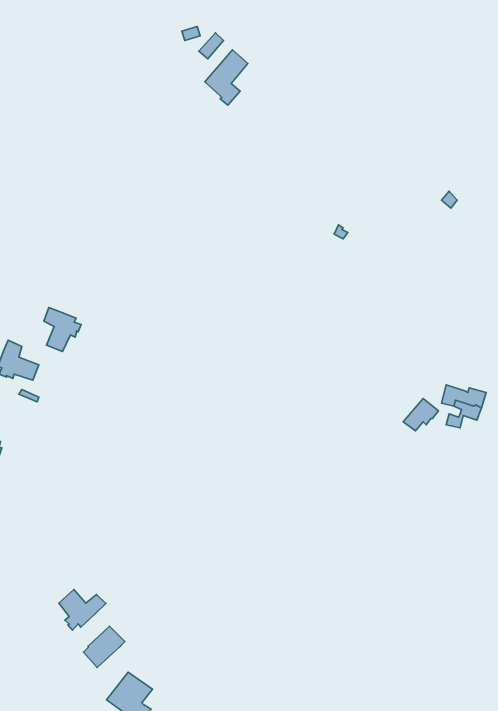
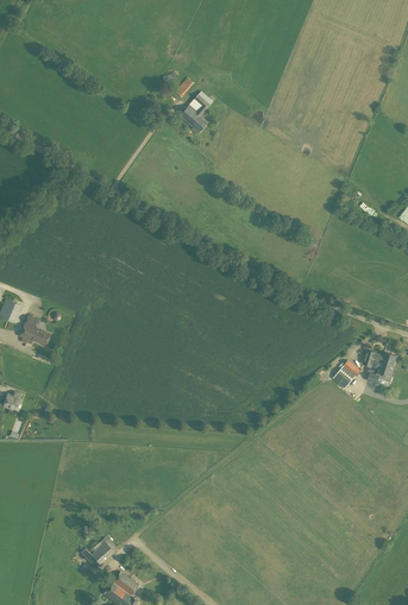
building: [44,307,81,352] -> none
building: [59,589,106,630] -> none

